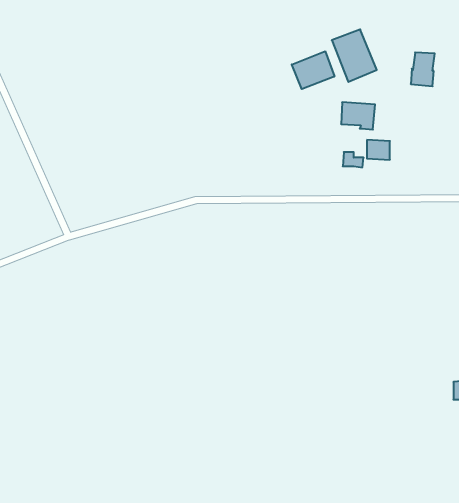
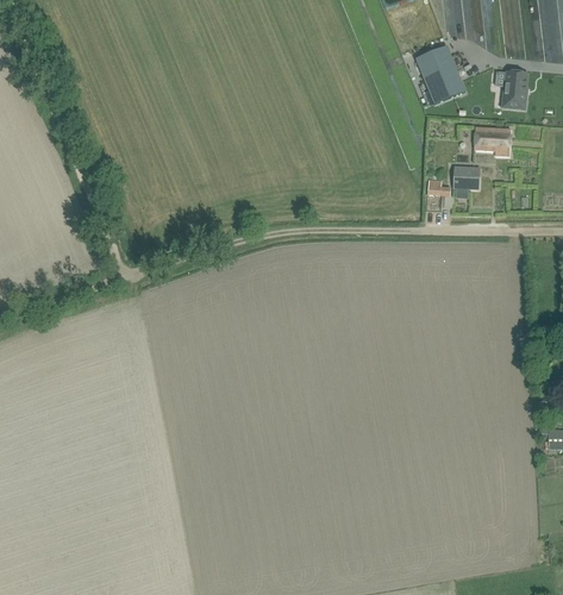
building: [292,51,334,89] -> none
building: [341,102,375,130] -> [474,126,511,156]

